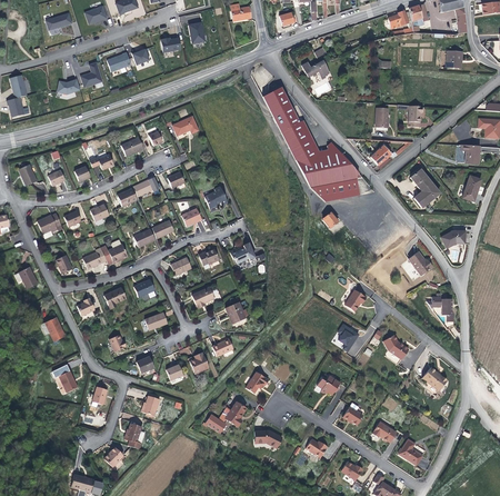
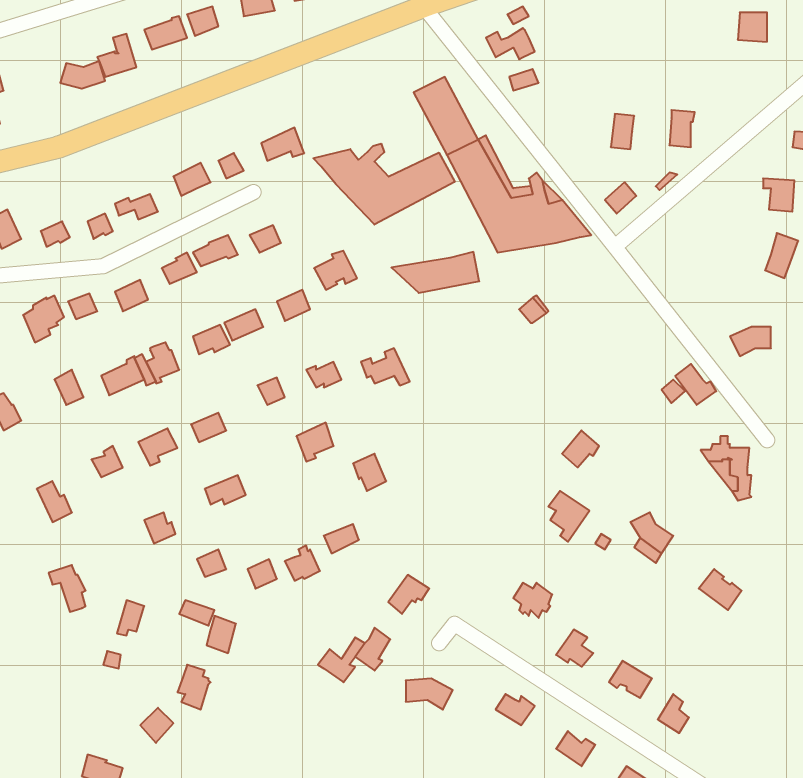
building: none -> [313,144,455,225]
building: [410,168,439,206] -> none
building: [308,178,358,201] -> [391,252,479,293]

